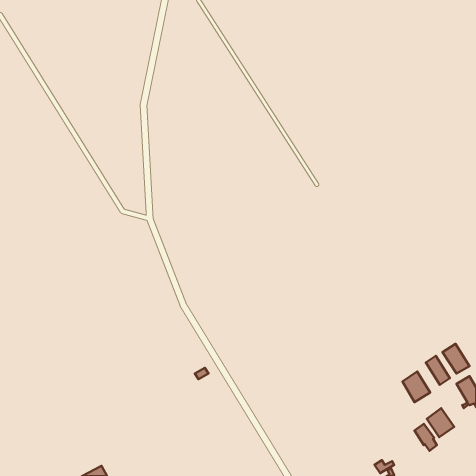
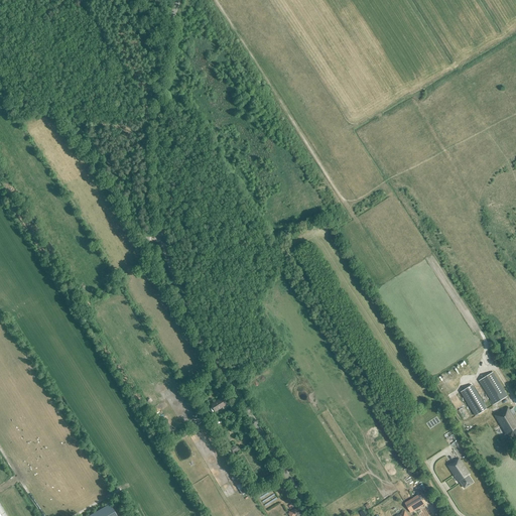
building: [402,372,430,402] -> none
building: [427,408,454,437] -> none

